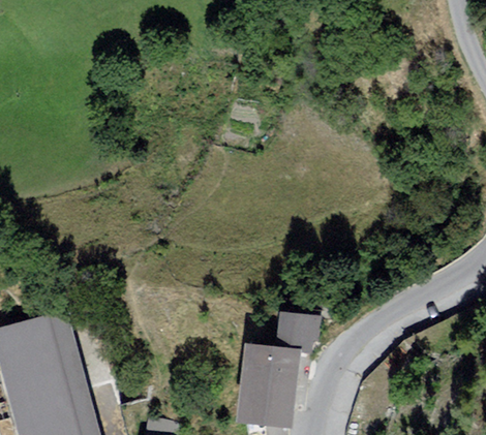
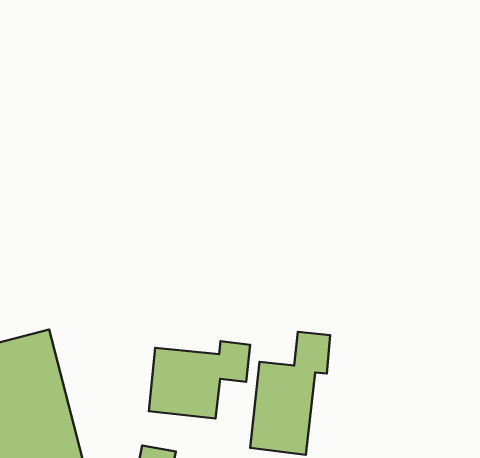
building: none -> [149,341,250,418]

